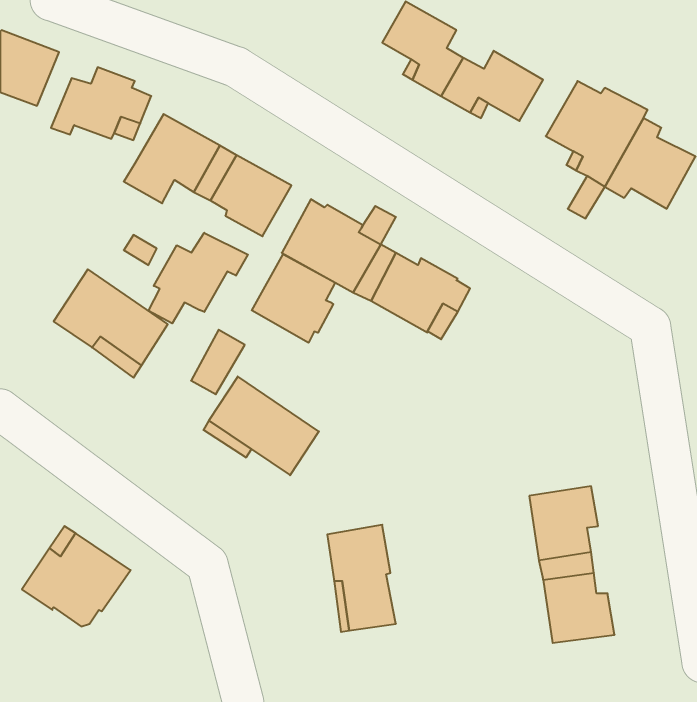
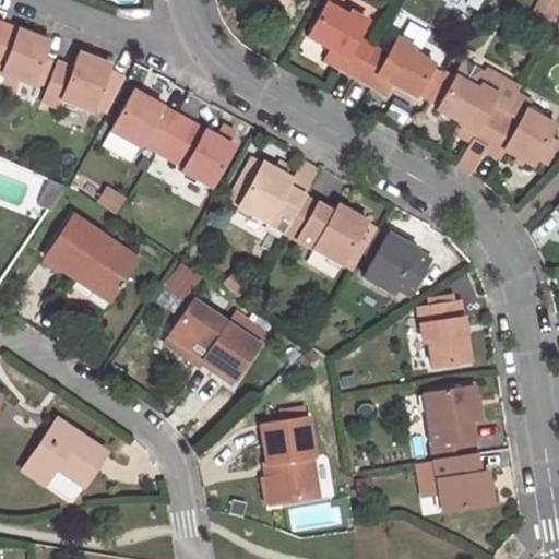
building: [148,233,248,323] -> none
building: [252,254,335,343] -> none
building: none -> [365,234,433,295]
building: none -> [420,301,469,366]

